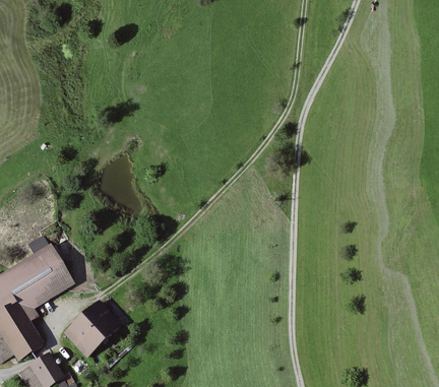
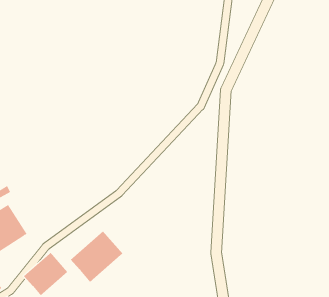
building: none -> [70,231,123,283]

